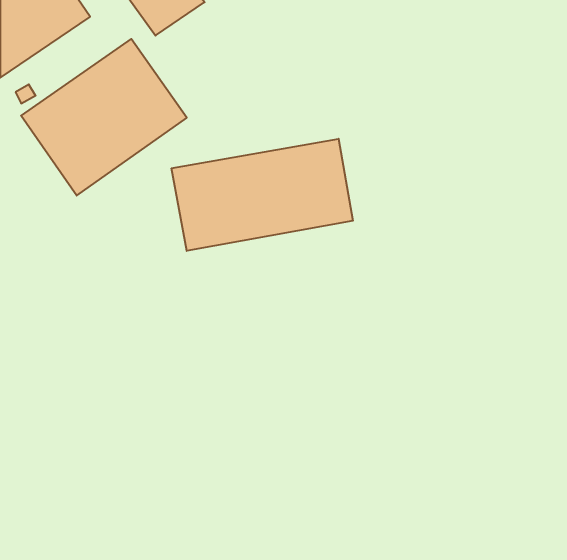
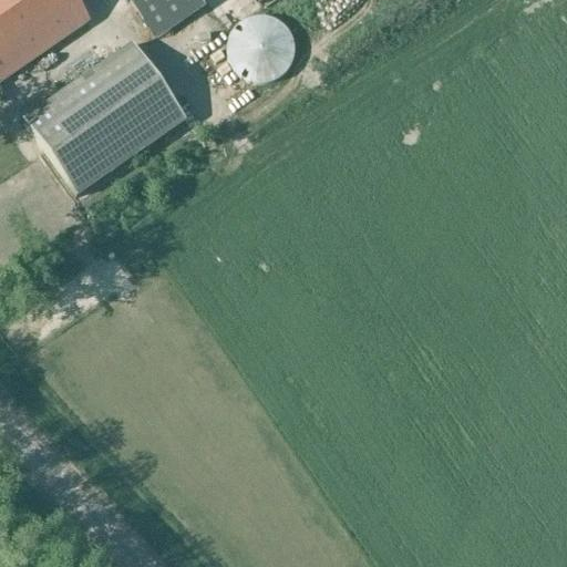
building: none -> [228,12,295,80]
building: [172,139,353,251] -> none

